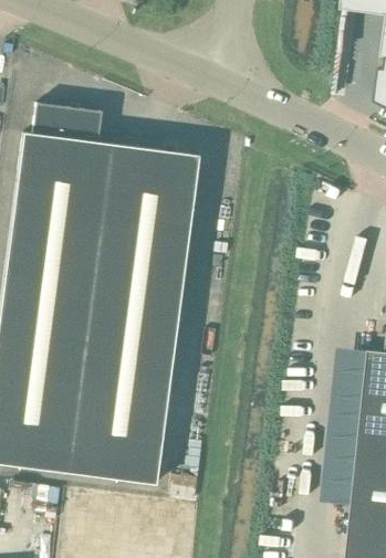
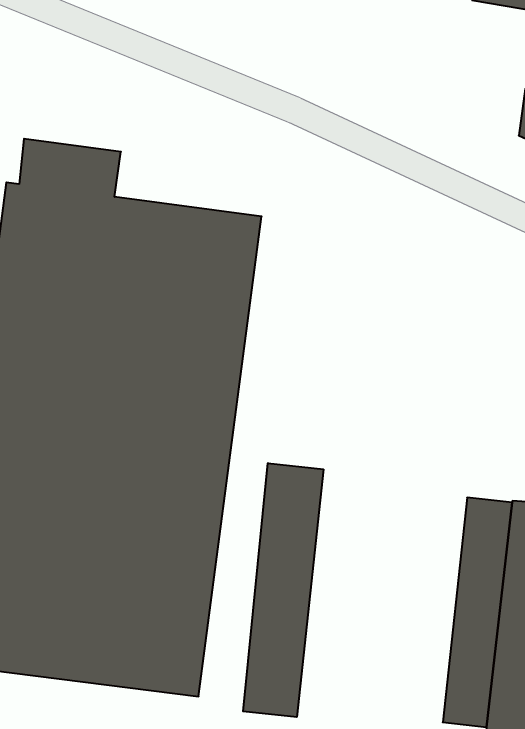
building: none -> [243,463,323,717]

